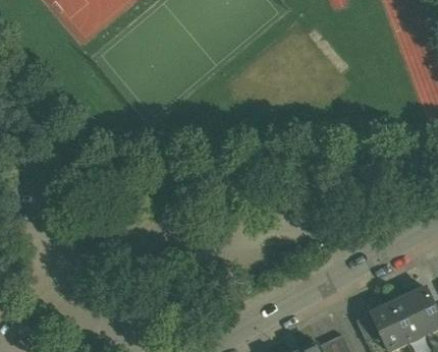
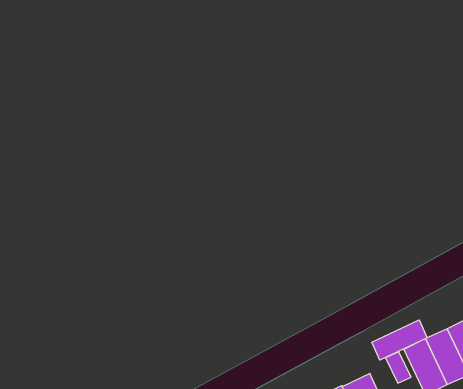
building: none -> [372,320,427,360]

